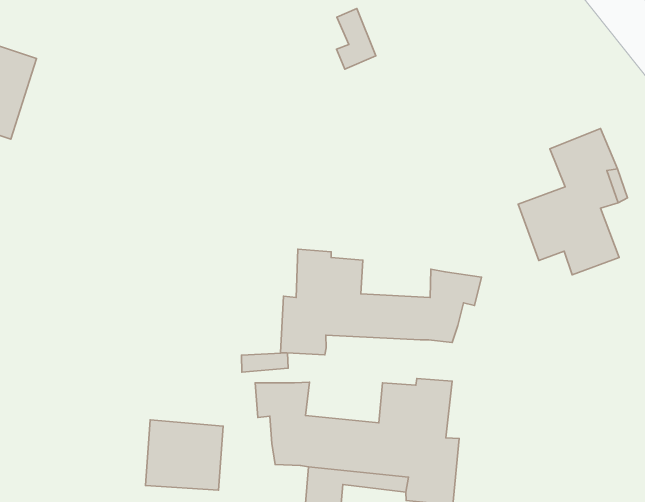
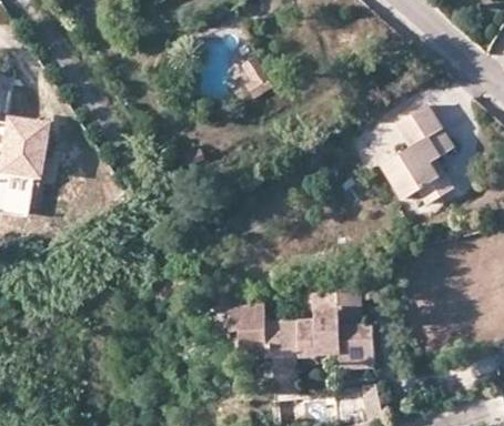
building: [281,249,482,355] -> none
building: [145,420,223,490] -> none

